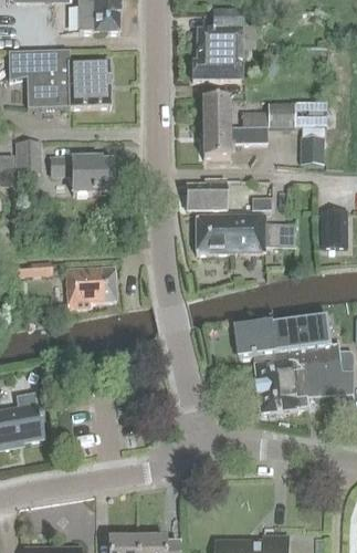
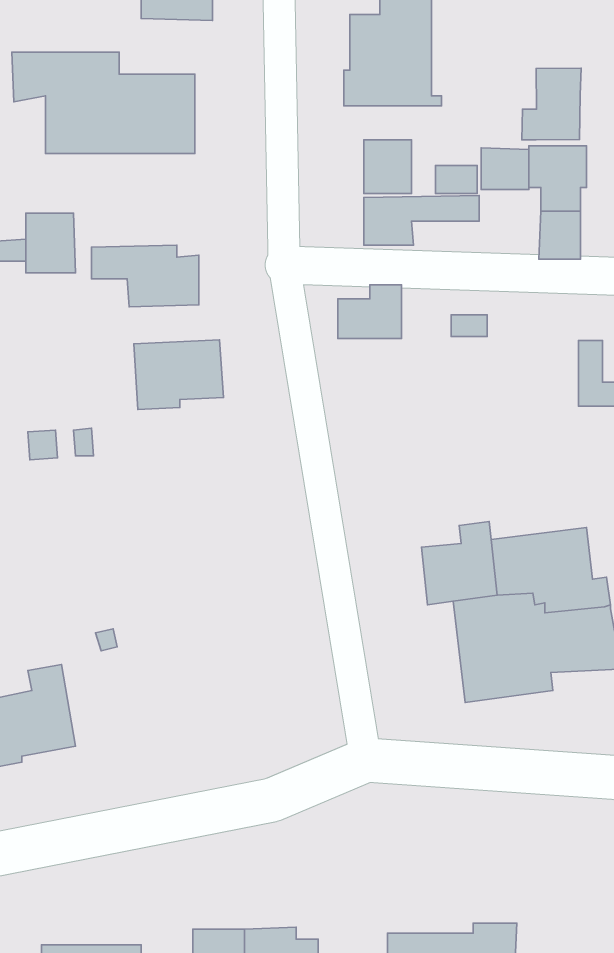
building: none -> [522,68,581,140]
building: [196,216,297,252] -> none
building: [66,267,116,305] -> [134,340,223,409]

